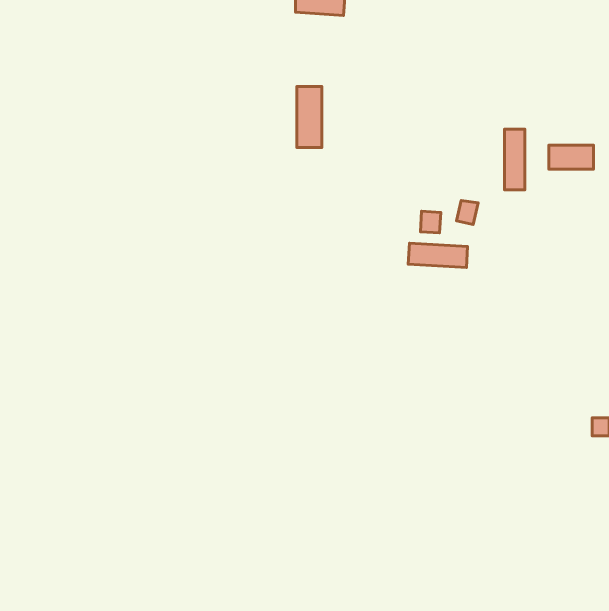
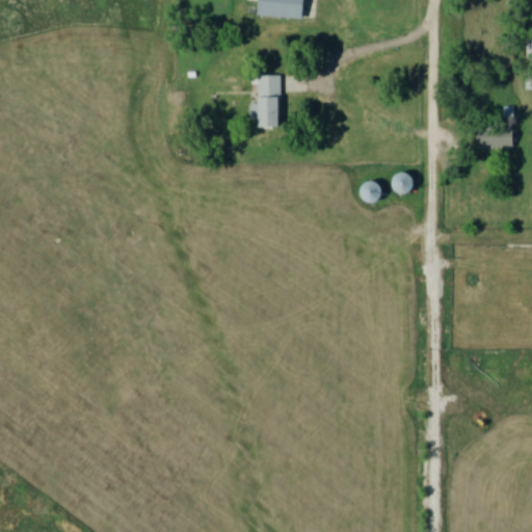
building: [504,129,525,190] -> none
building: [408,243,468,268] -> none

